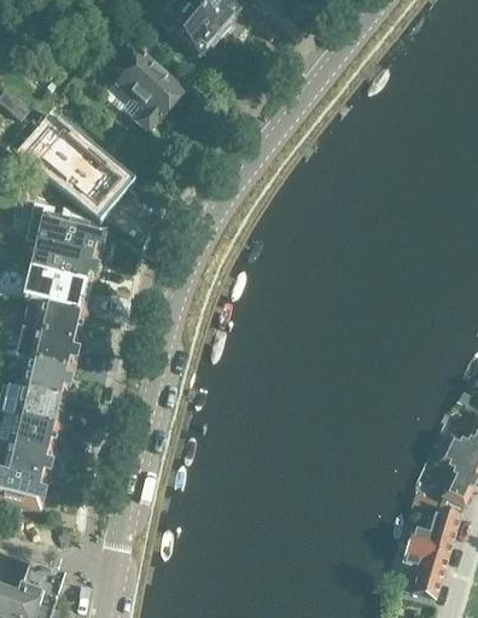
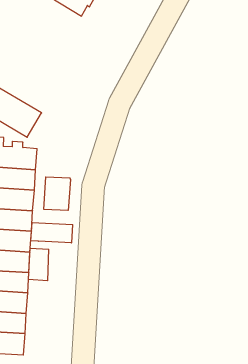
building: [116,54,183,129] -> none
building: none -> [44,177,70,210]
building: none -> [31,222,73,243]
building: none -> [29,248,49,281]

